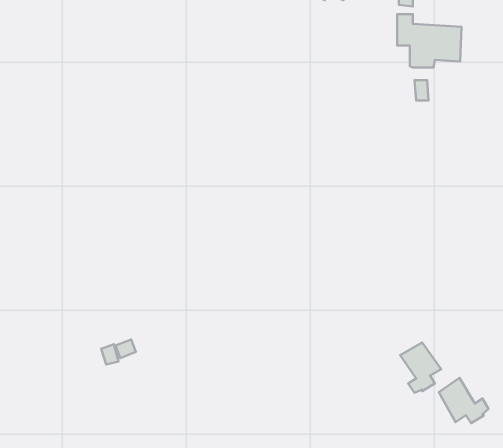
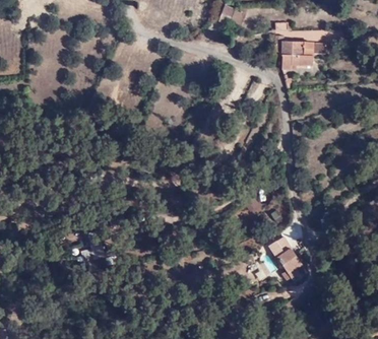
building: [439,378,488,423] -> none

